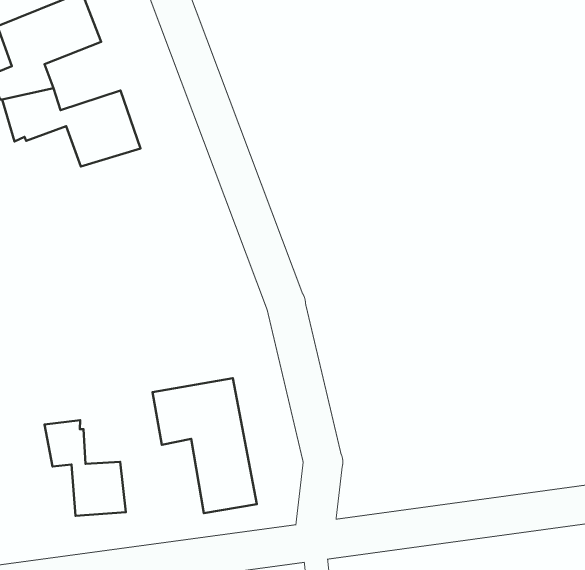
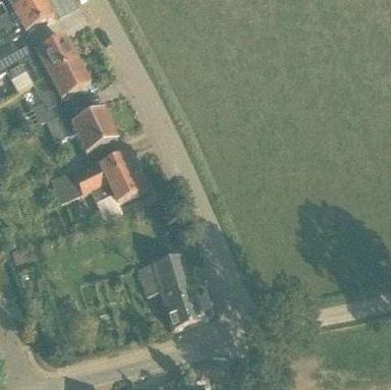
building: none -> [52,149,147,201]
building: [45,420,126,516] -> none

